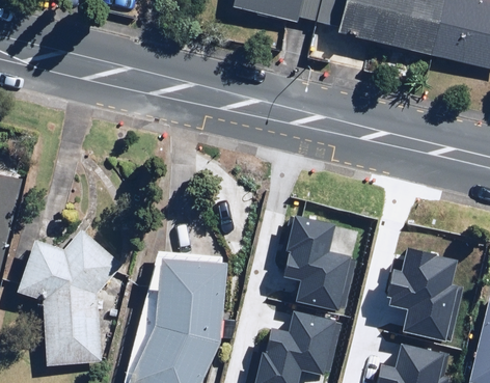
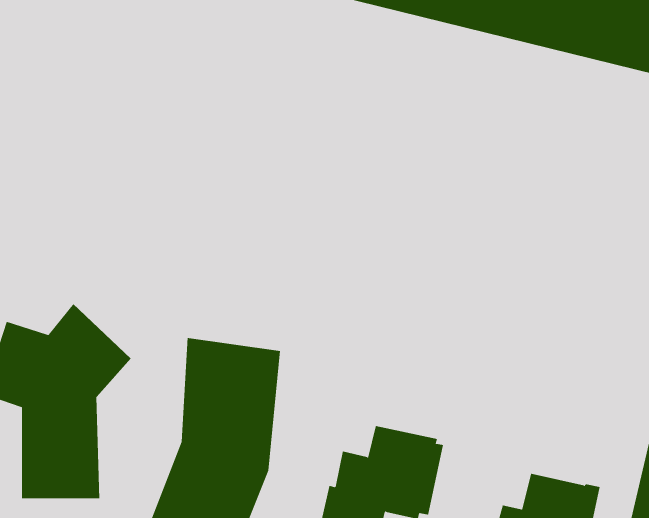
building: [282,216,355,313] -> none
building: [385,249,461,344] -> none

